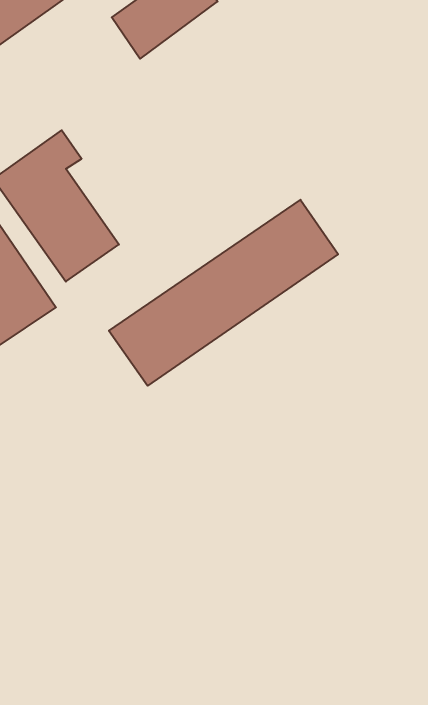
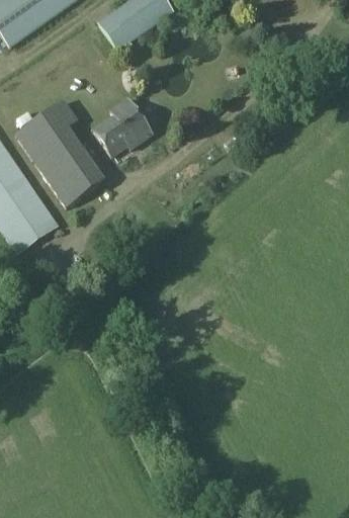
building: none -> [93,97,152,156]
building: [109,200,338,386] -> none

